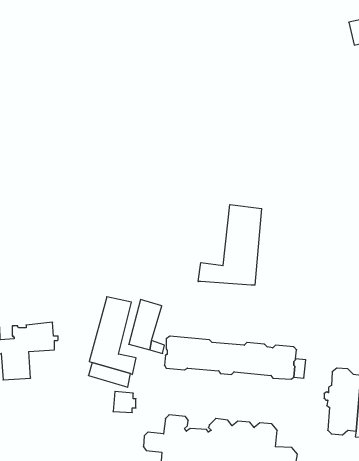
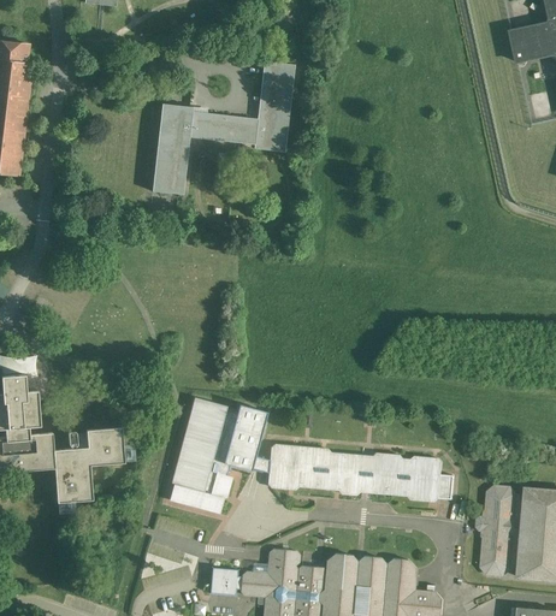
building: none -> [153,61,295,195]
building: [198,205,262,285] -> none
building: [113,391,136,412] -> [209,564,239,592]

